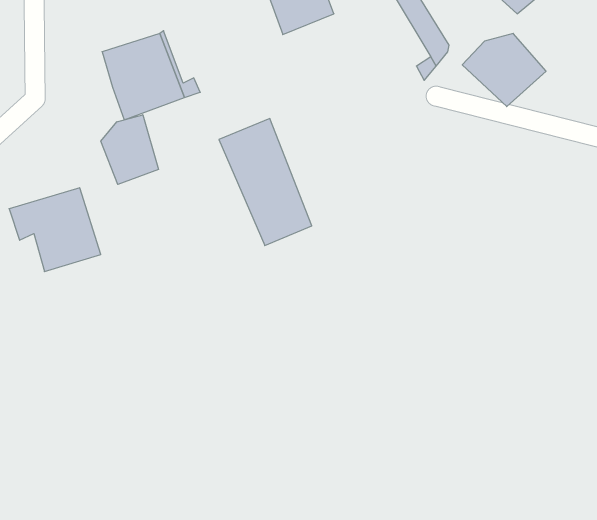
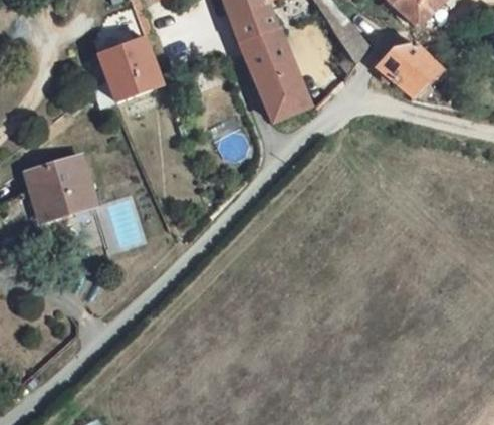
building: [101,115,158,184] -> none
building: [219,119,312,246] -> [237,24,308,122]

